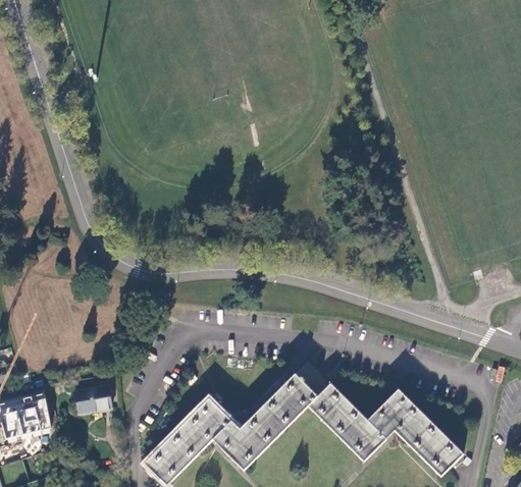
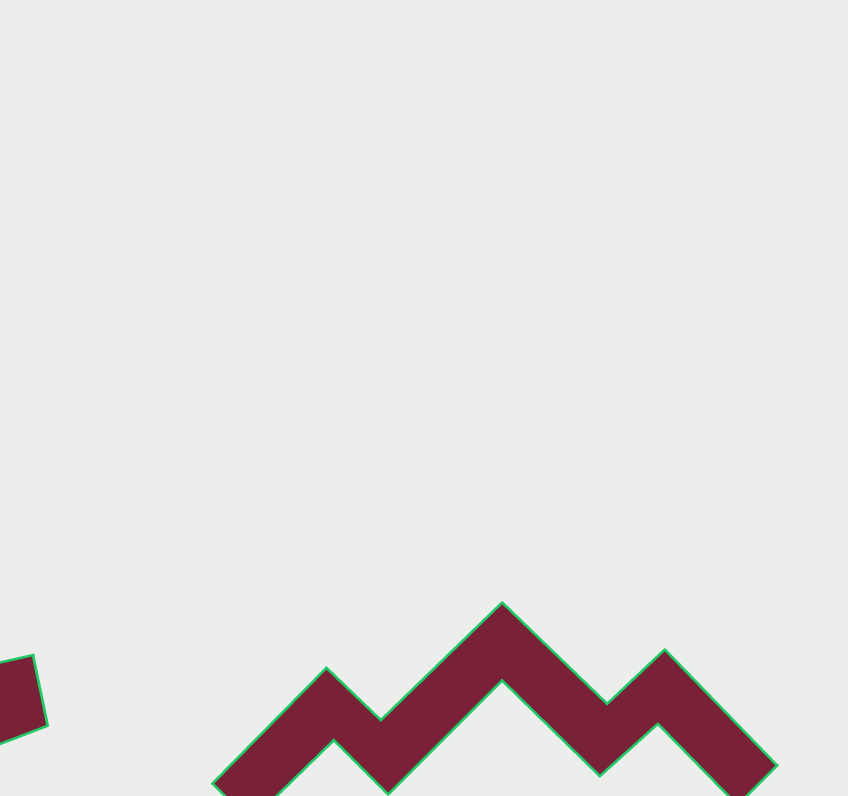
building: [74,384,110,413] -> none

